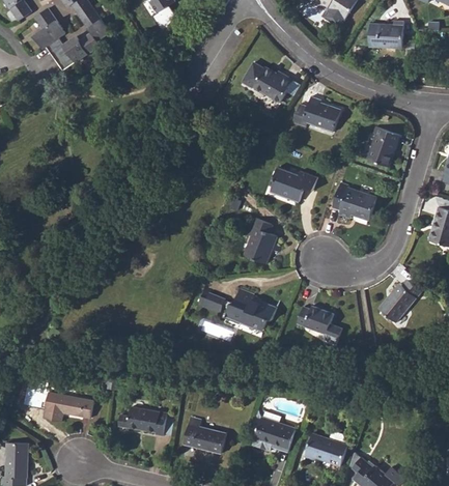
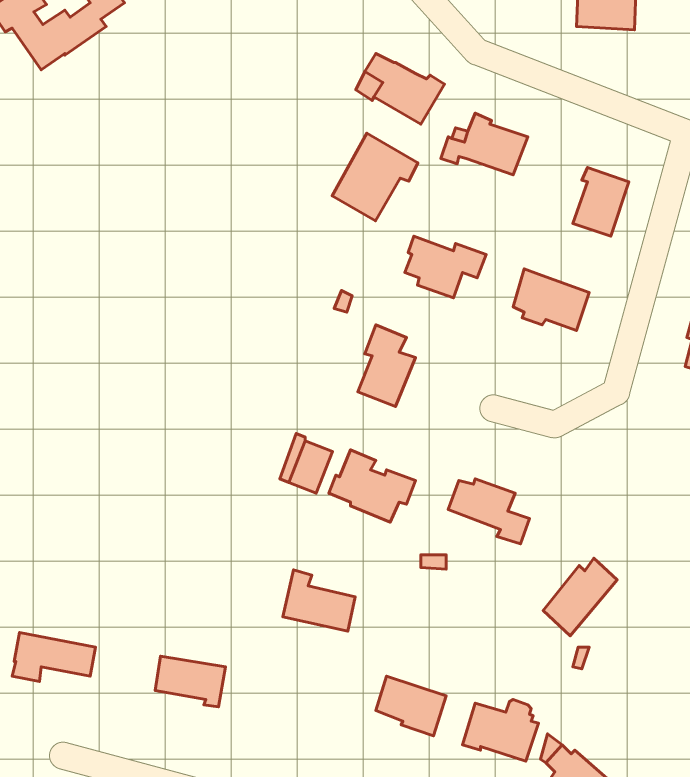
building: none -> [332,133,418,221]
building: [378,278,421,322] -> [543,558,617,636]
building: [185,417,226,452] -> [283,570,355,631]

